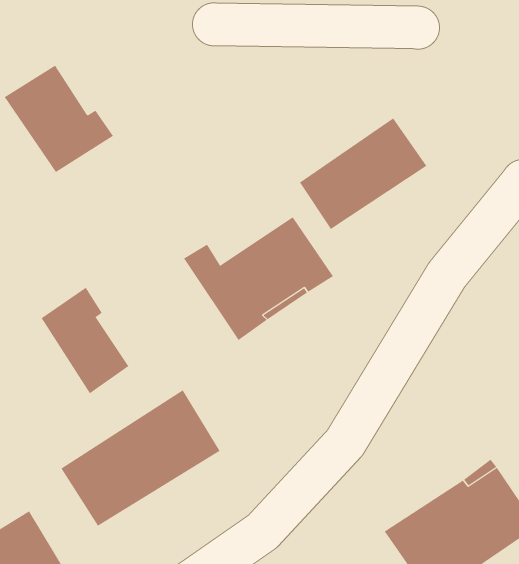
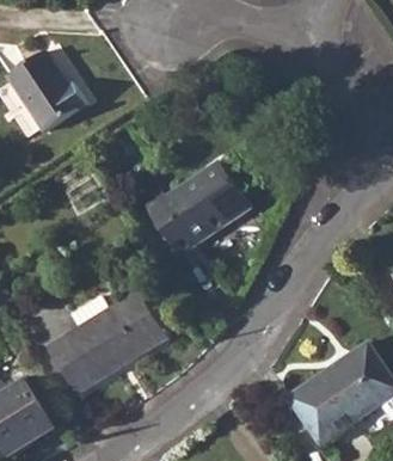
building: [299,118,427,230] -> none
building: [41,287,129,394] -> none

